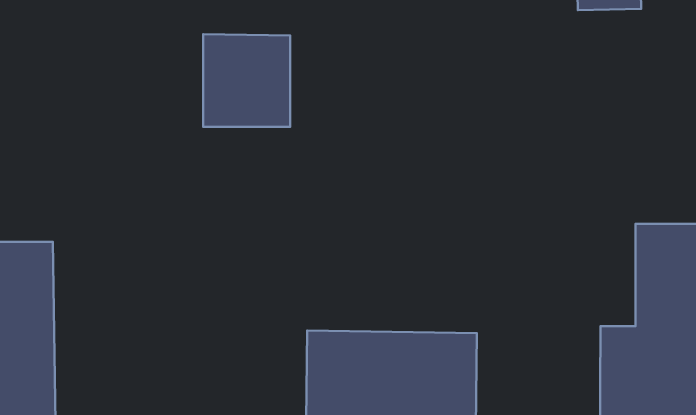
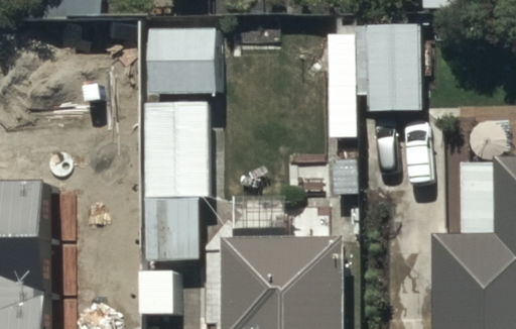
building: none -> [350,22,418,109]
building: none -> [144,103,204,259]

